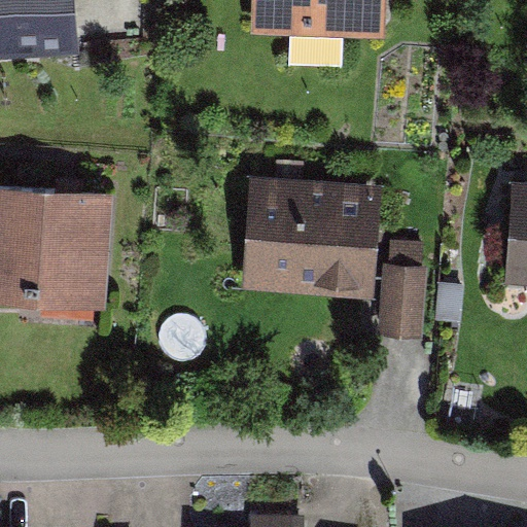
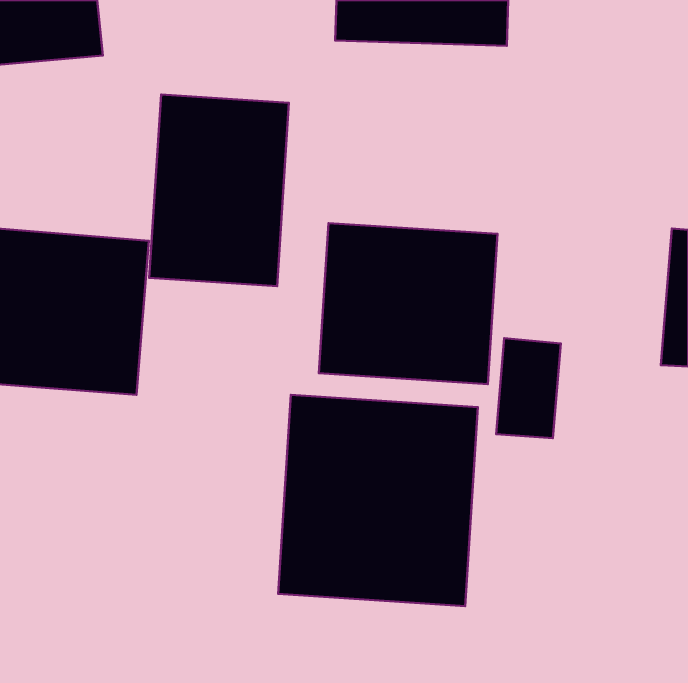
building: none -> [149,94,289,286]
building: none -> [278,395,478,606]

